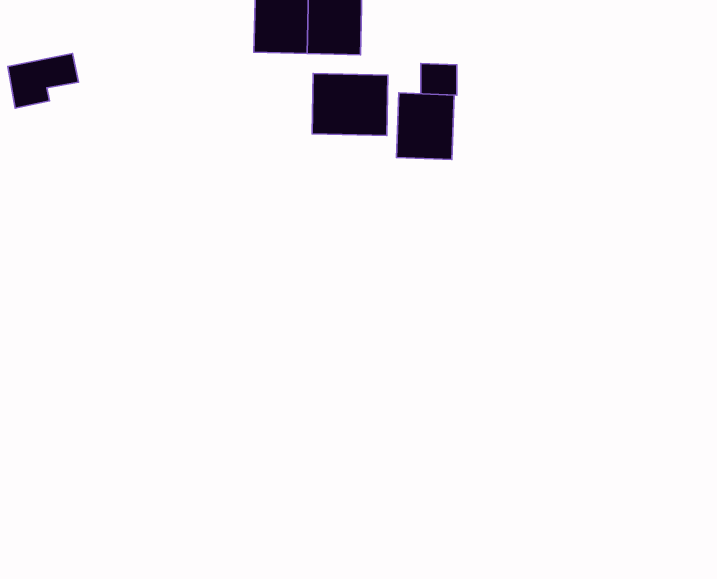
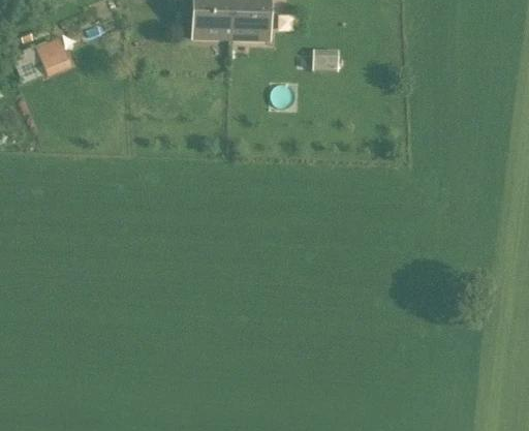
building: [312,73,388,136] -> none
building: [397,93,454,160] -> none

